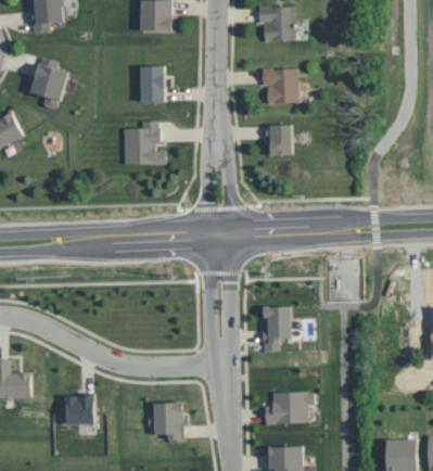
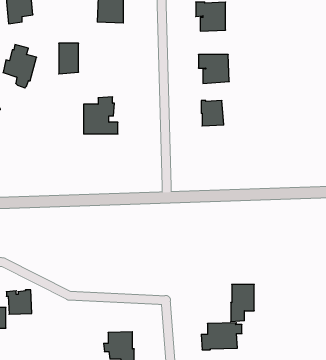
building: [140,66,164,103] -> [59,43,79,74]
building: [263,307,291,352] -> [231,284,254,322]
building: [64,395,94,424] -> [6,290,32,314]

